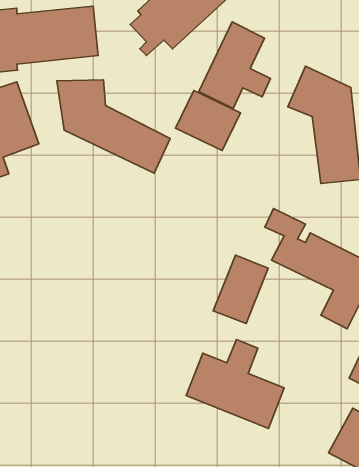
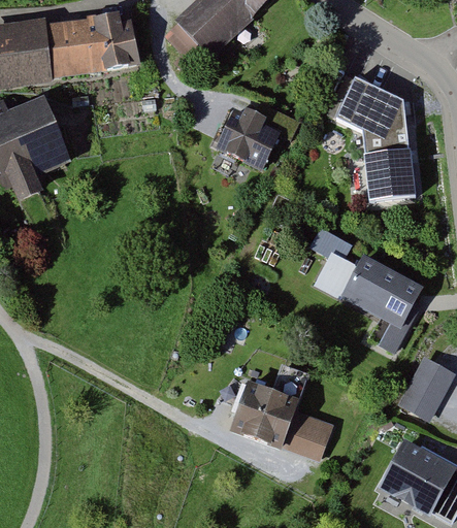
building: [199,22,271,108] -> none
building: [57,80,170,173] -> none
building: [213,255,268,324] -> none

